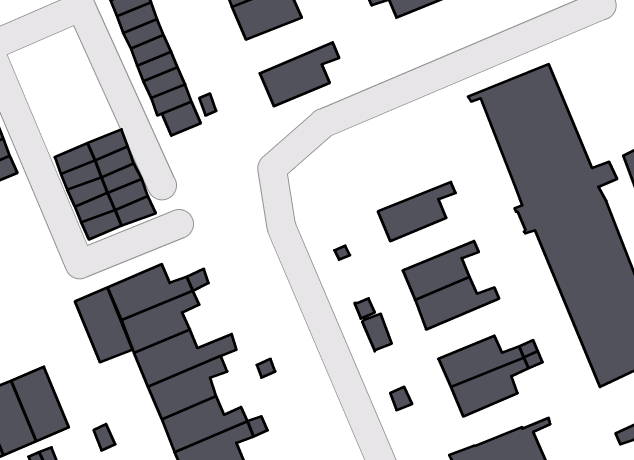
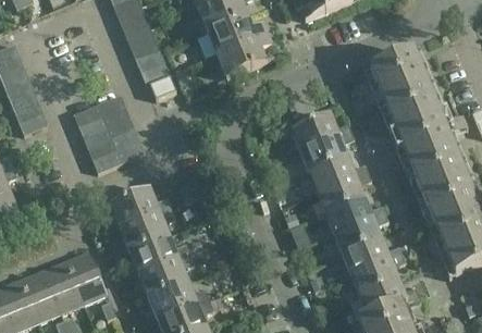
building: none -> [207,16,268,56]
building: none -> [291,114,350,152]
building: none -> [308,157,367,194]
building: [75,288,132,362] -> [65,251,106,304]
building: none -> [333,213,387,256]
building: none -> [359,280,419,317]

